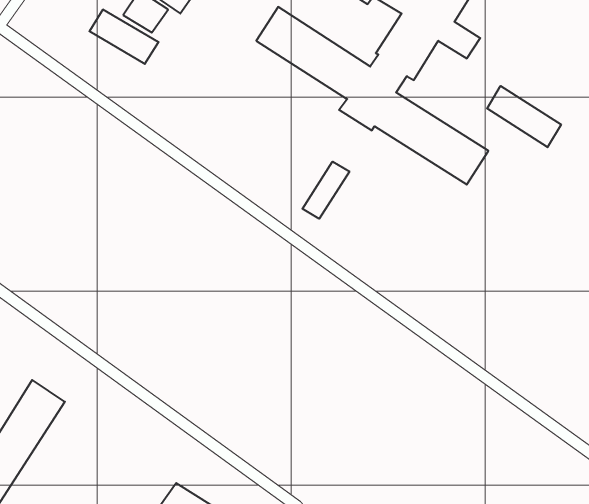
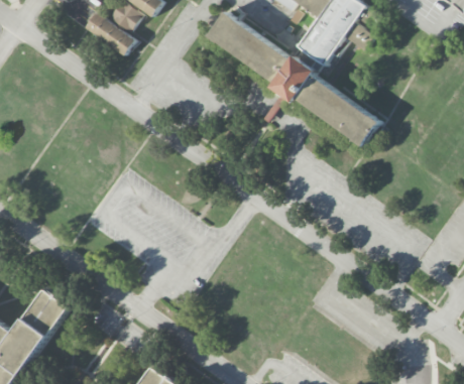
building: [487,86,561,147] -> none
building: [302,162,349,219] -> none

